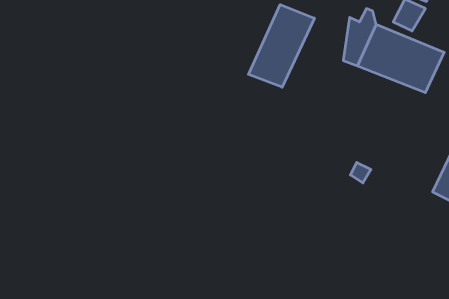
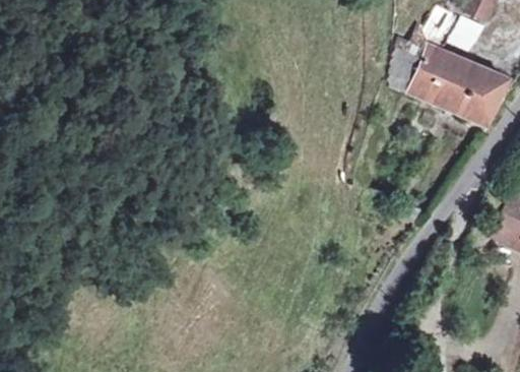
building: [248,5,314,87] -> none

